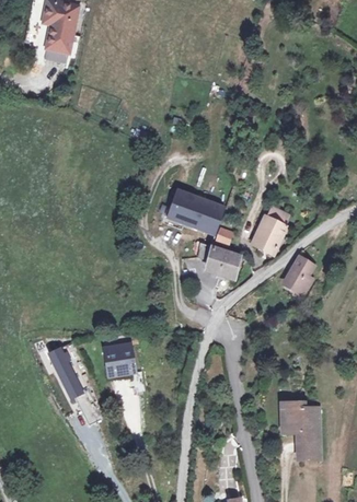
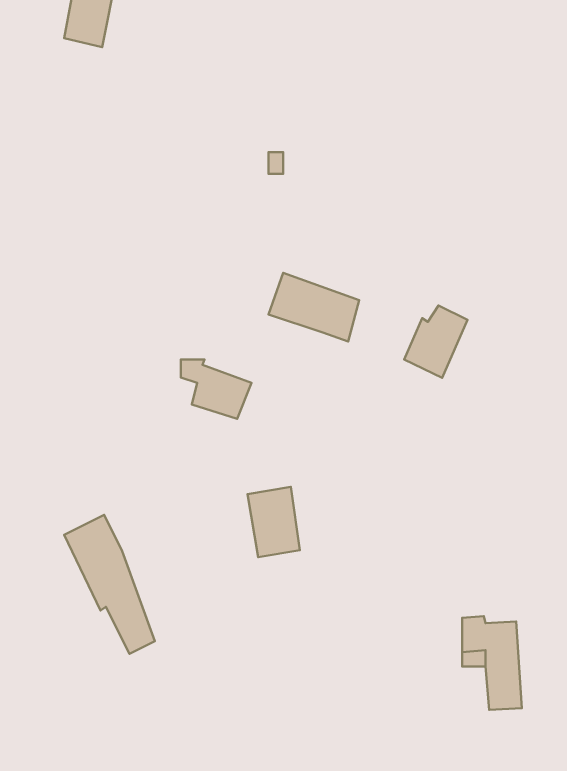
building: [200,244,243,280] -> [181,359,251,419]
building: [283,260,311,295] -> none
building: [100,334,131,376] -> [247,487,300,557]

